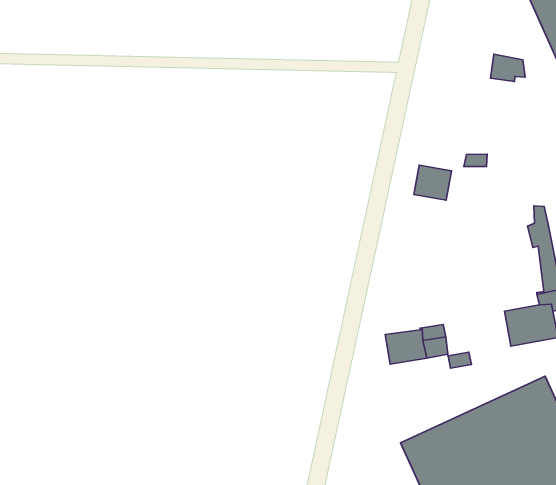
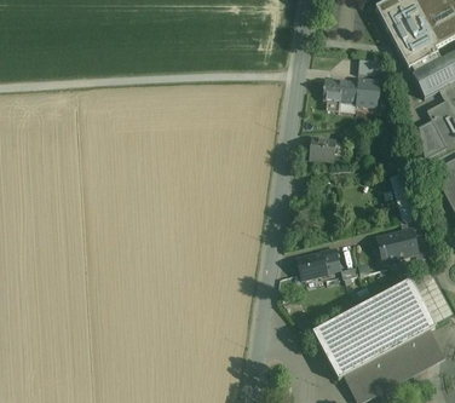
building: none -> [322,77,378,104]

